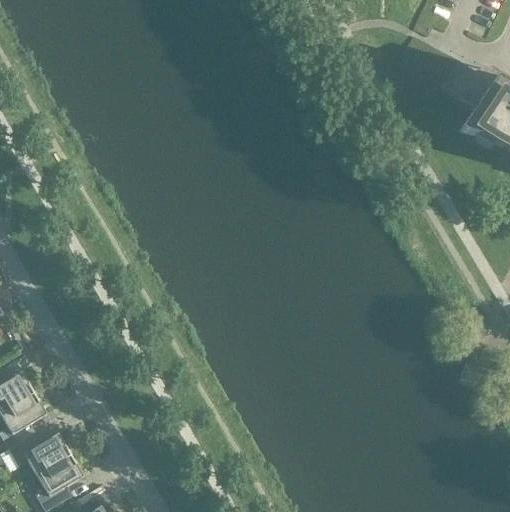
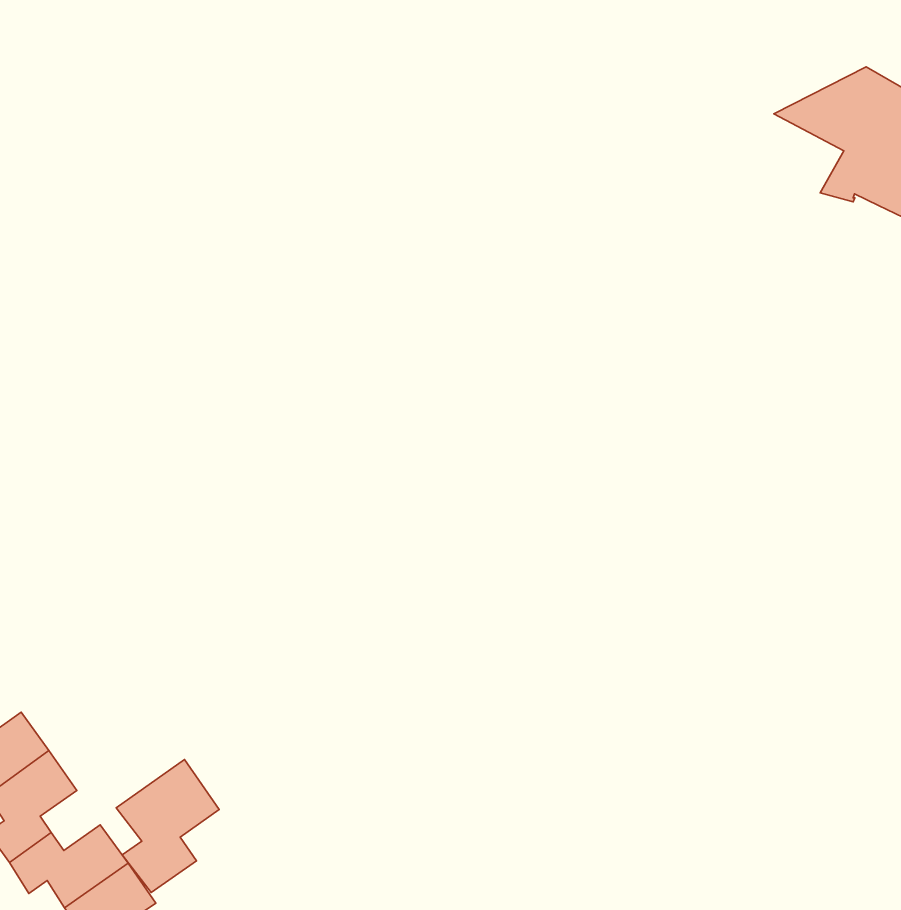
building: none -> [116,759,219,892]

